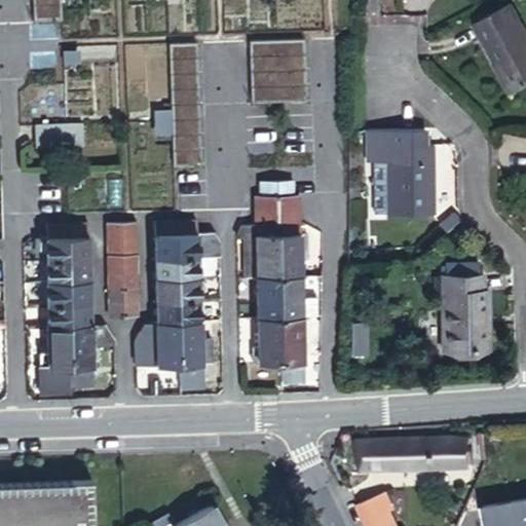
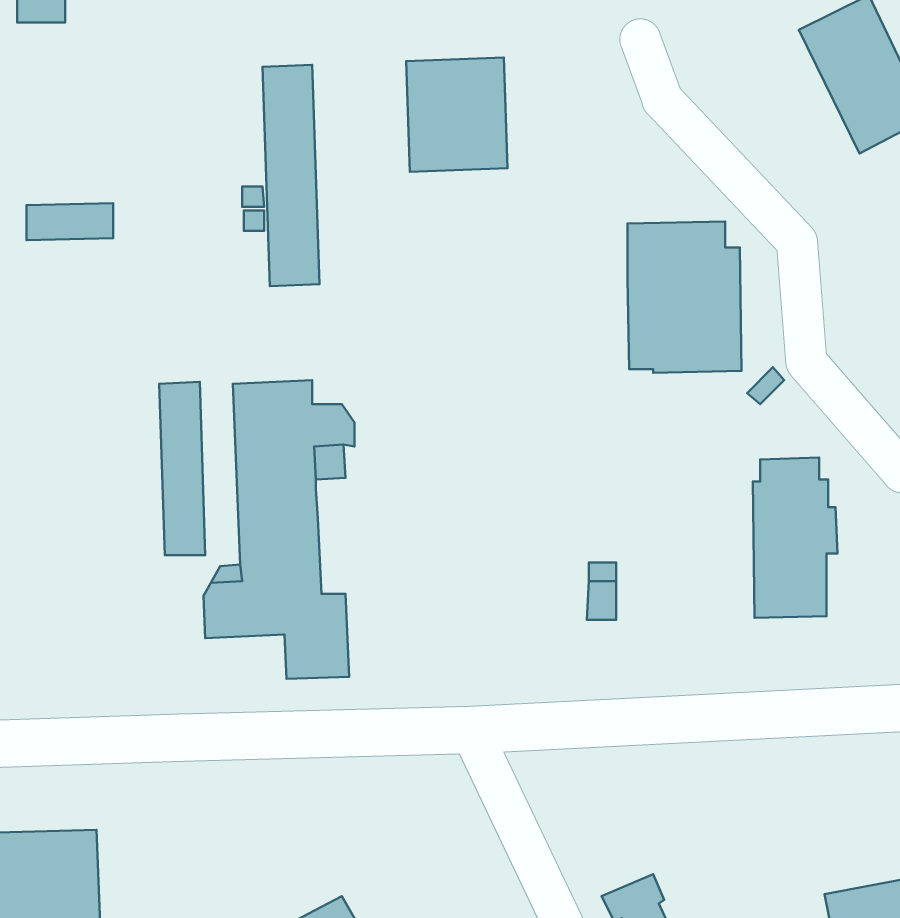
building: [238,181,318,379] -> none
building: [37,224,116,396] -> none
building: [362,443,466,469] -> none

